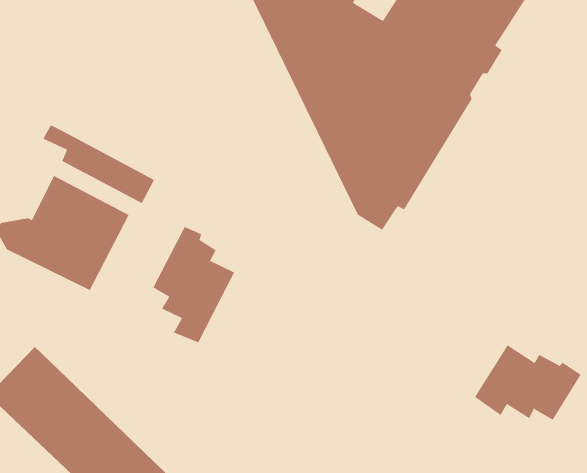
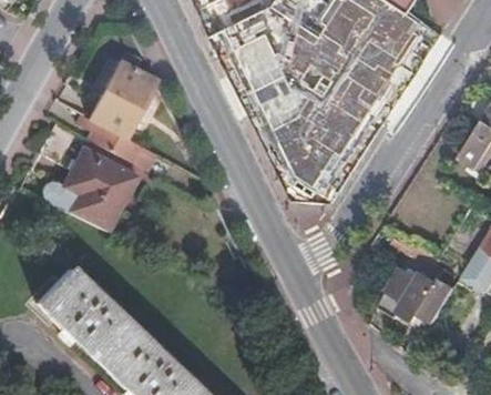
building: none -> [92,42,160,136]
building: [152,226,235,343] -> none

